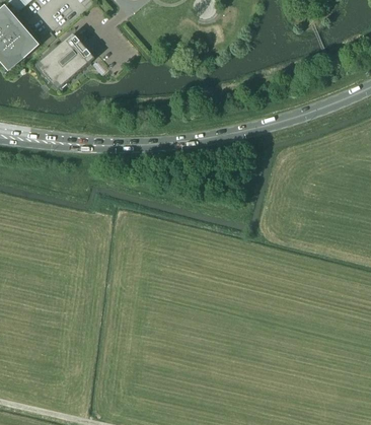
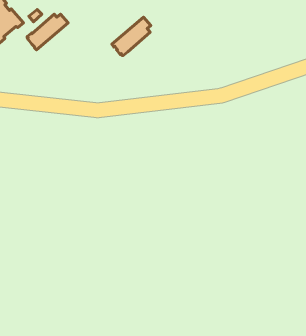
building: [50,47,92,88] -> [112,17,151,55]

